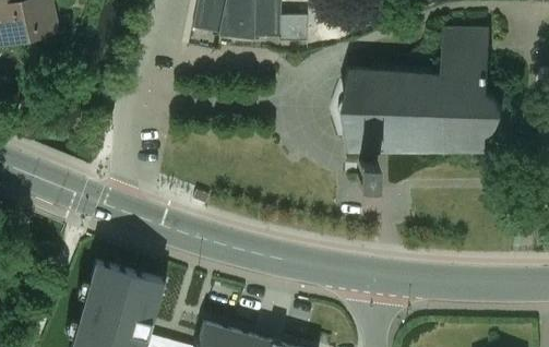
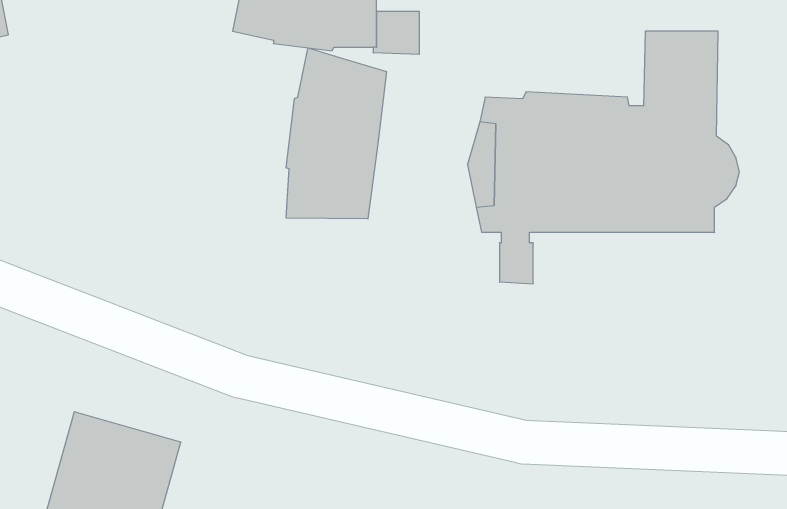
building: none -> [286,48,386,219]

